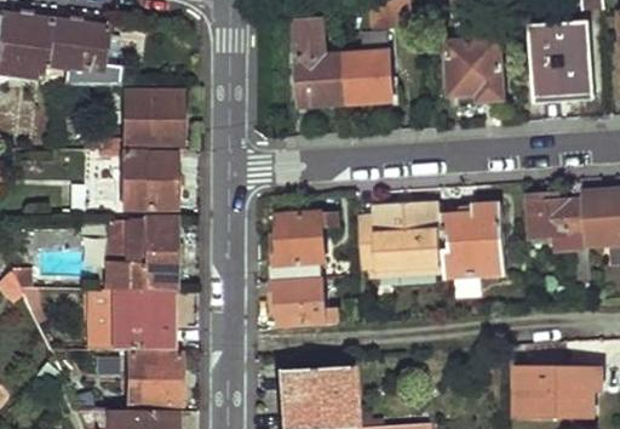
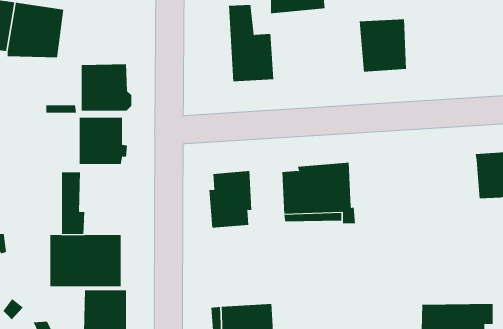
building: [534,32,590,95] -> none
building: [346,34,396,108] -> none
building: [532,195,590,271] -> none
building: [441,205,506,275] -> none
building: [125,215,173,287] -> none
building: [271,276,325,328] -> none

